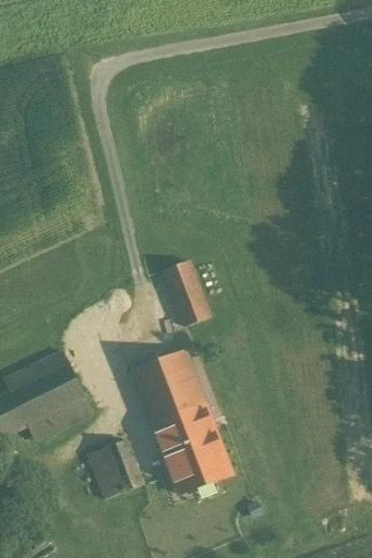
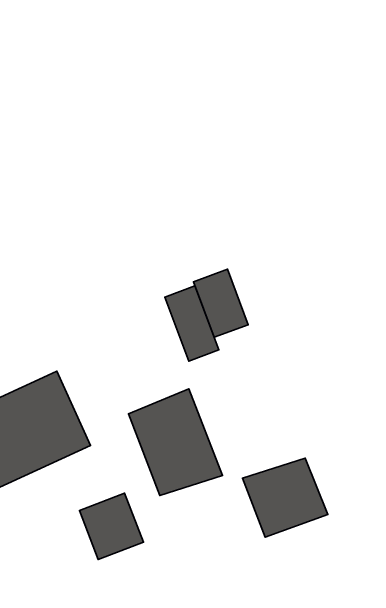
building: none -> [193,269,248,337]
building: [159,427,233,496] -> [242,458,328,537]

